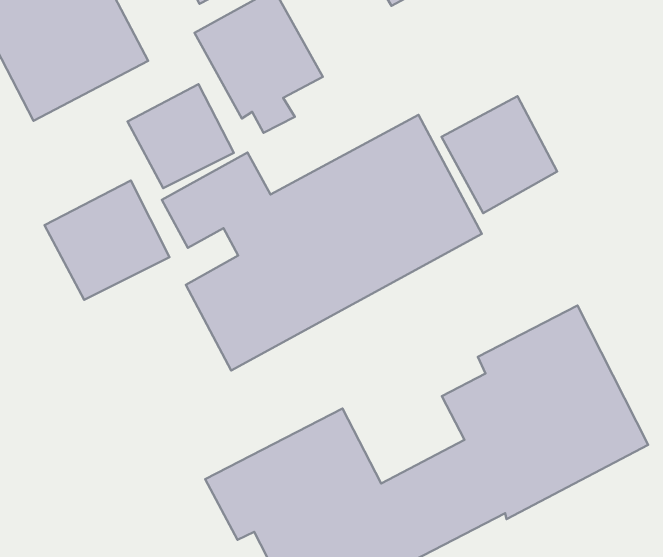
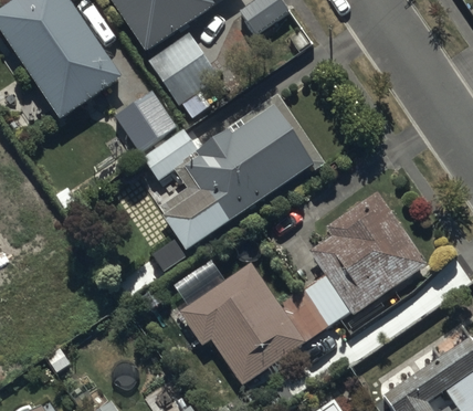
building: [442,96,557,213] -> none
building: [44,181,169,300] -> none

